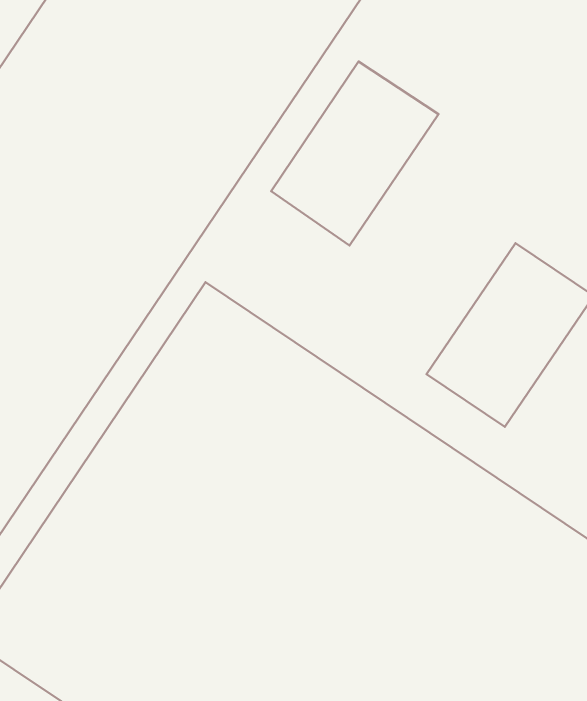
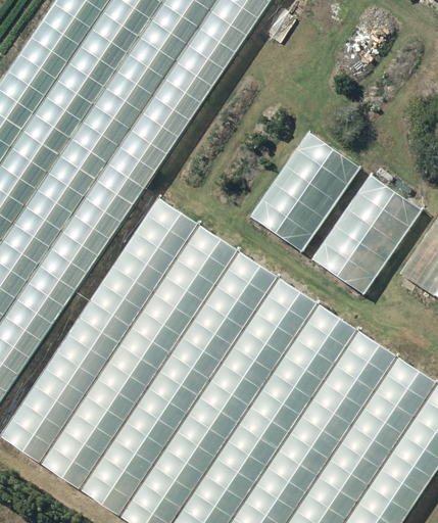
building: [271,62,438,245] -> [250,128,363,252]

